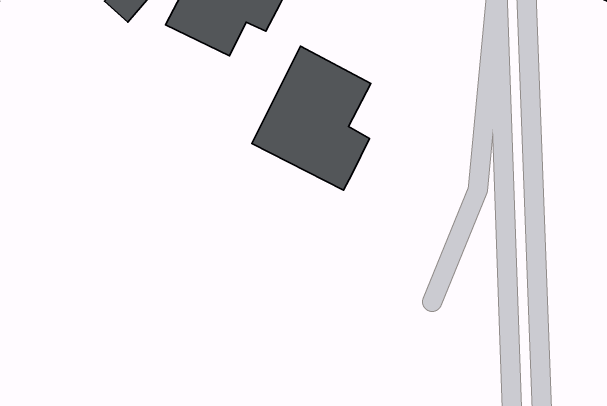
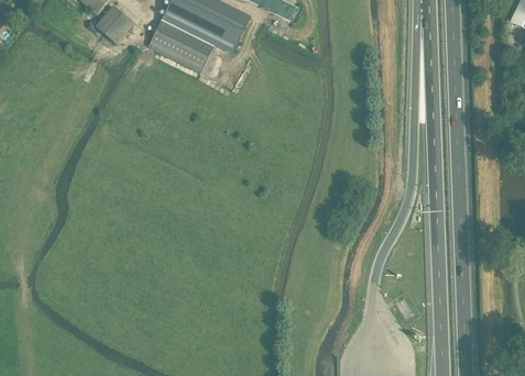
building: [252,46,371,190] -> none

